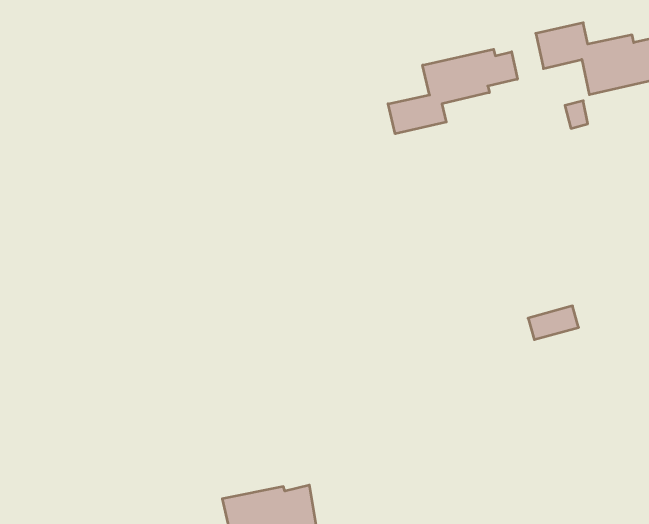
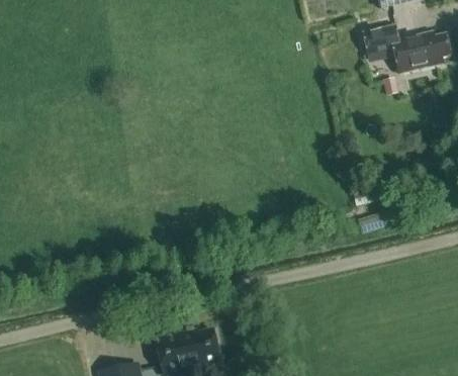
building: [388,49,517,134] -> none

